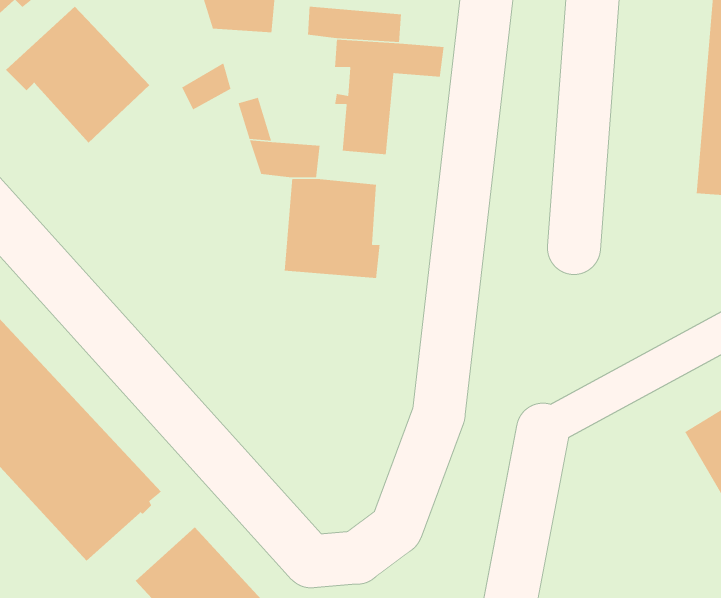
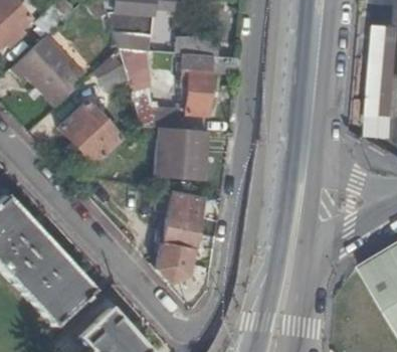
building: none -> [60,102,123,165]
building: none -> [158,189,202,284]

